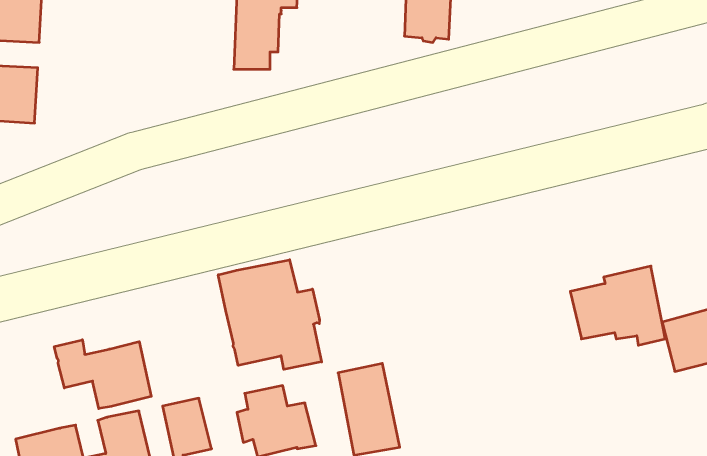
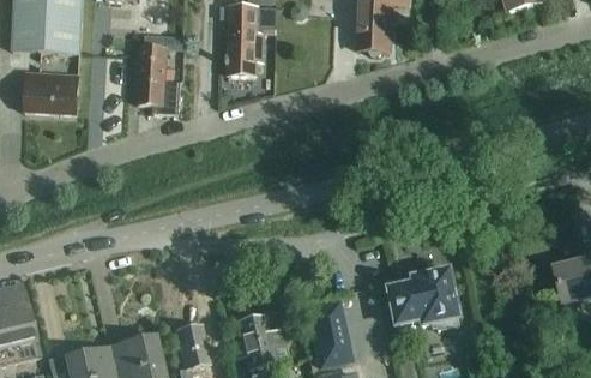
building: none -> [135,43,181,112]
building: [218,260,322,369] -> none
building: [570,266,665,345] -> [386,268,458,328]
building: [54,340,151,409] -> none

